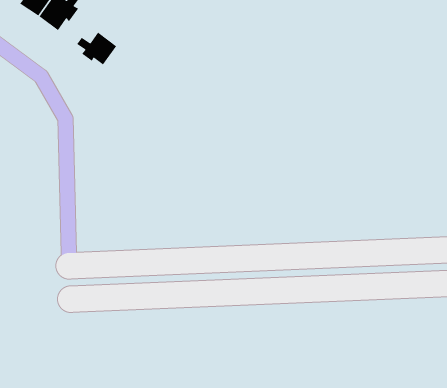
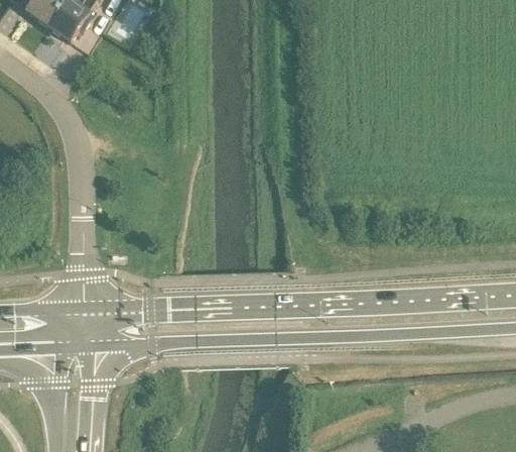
building: [76,32,117,66] -> none

